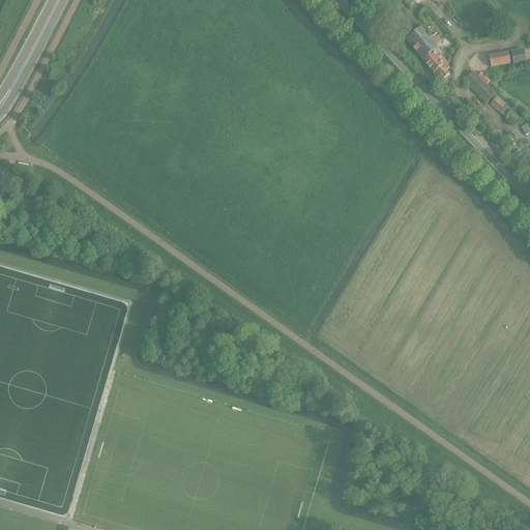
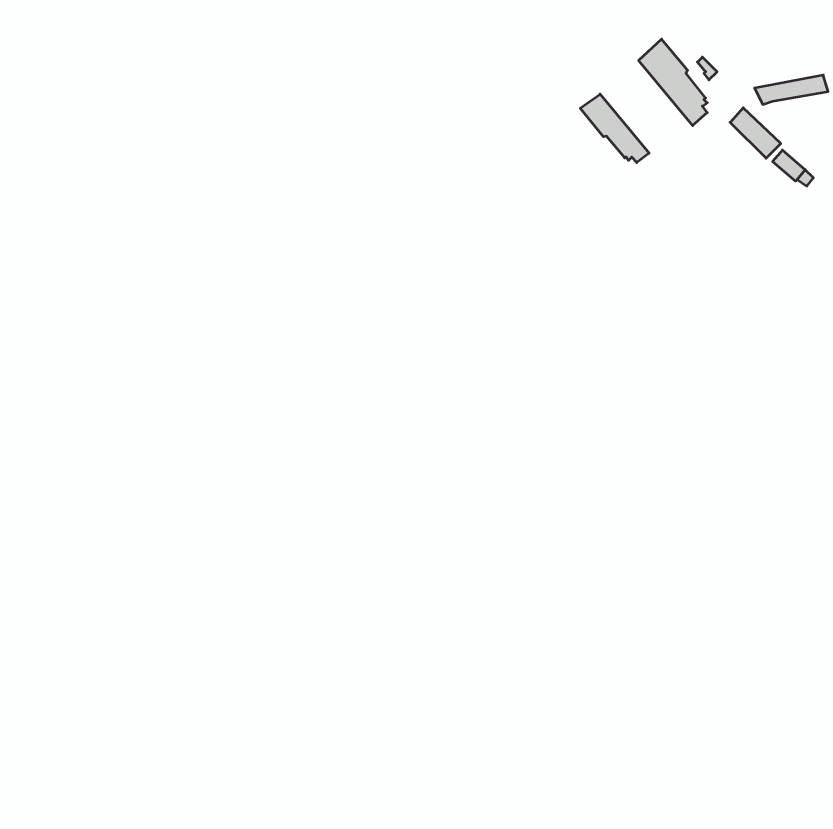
building: none -> [580,94,649,163]

